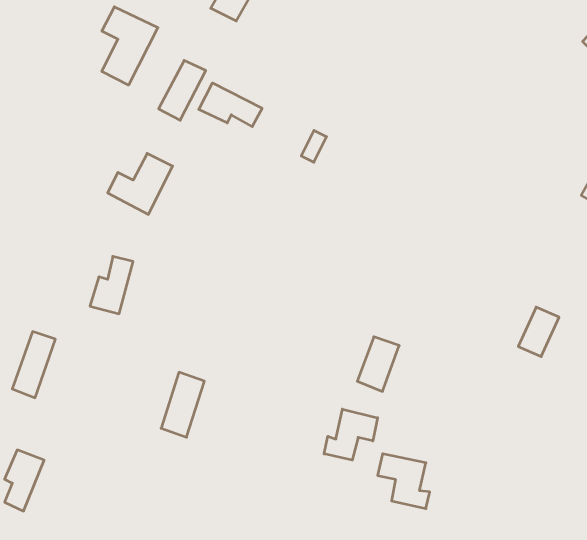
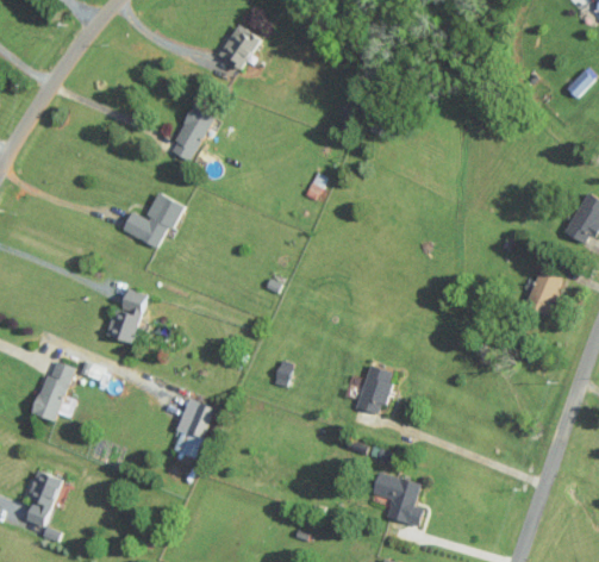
building: [102,7,158,85] -> none
building: [199,83,262,127] -> none
building: [518,307,559,357] -> [525,269,563,316]
building: [324,409,378,460] -> none

